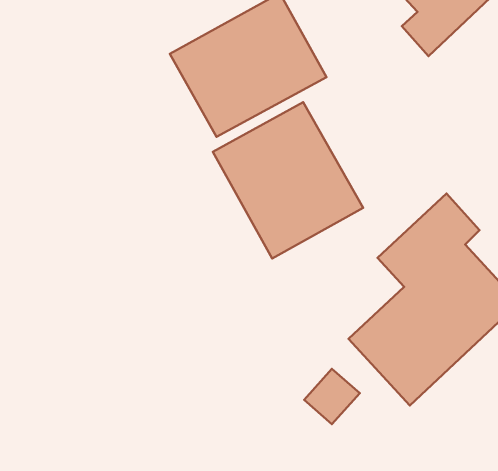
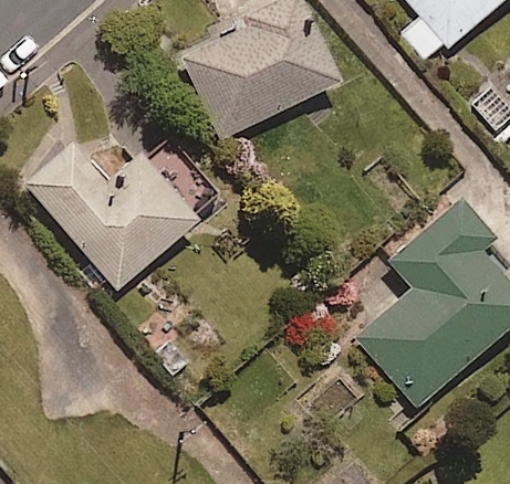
building: [213,102,363,258] -> none
building: none -> [27,139,222,290]

